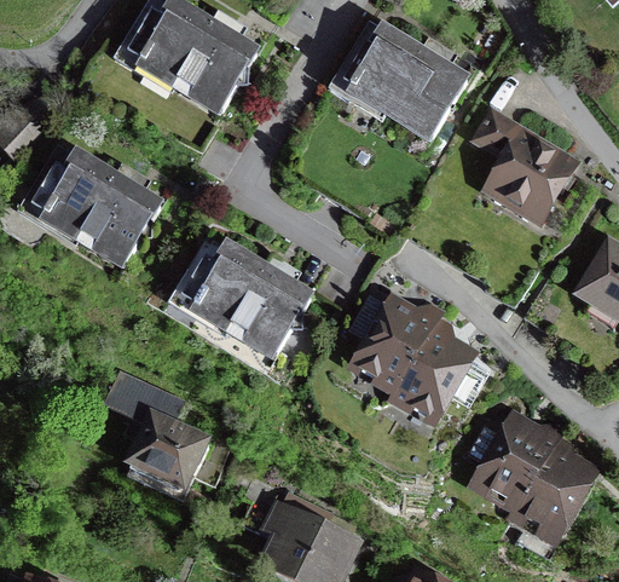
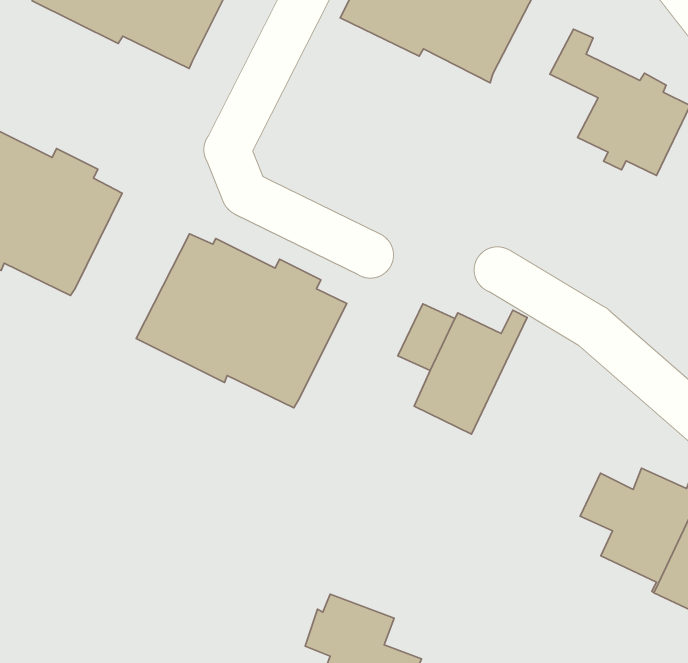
building: [393,316,487,417] -> none
building: [106,373,226,501] -> none

